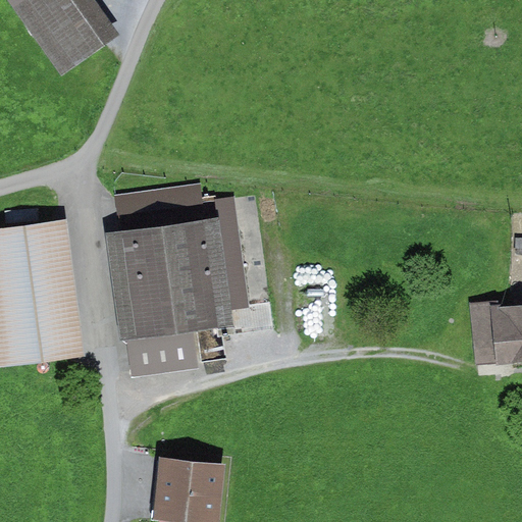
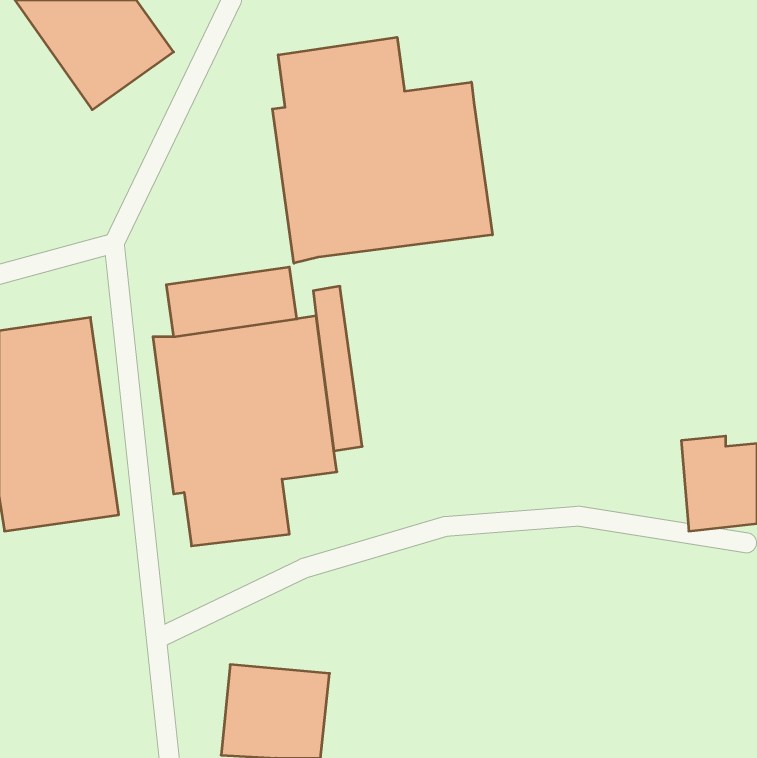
building: none -> [272,37,492,263]

